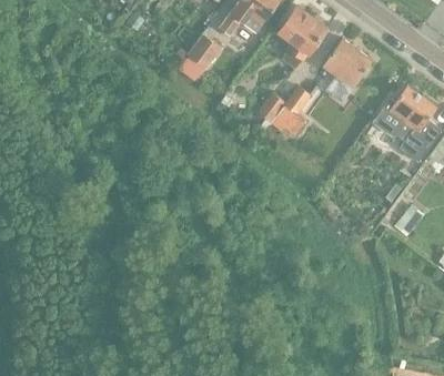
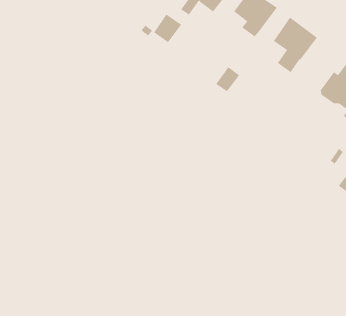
building: [271,85,310,135] -> none

